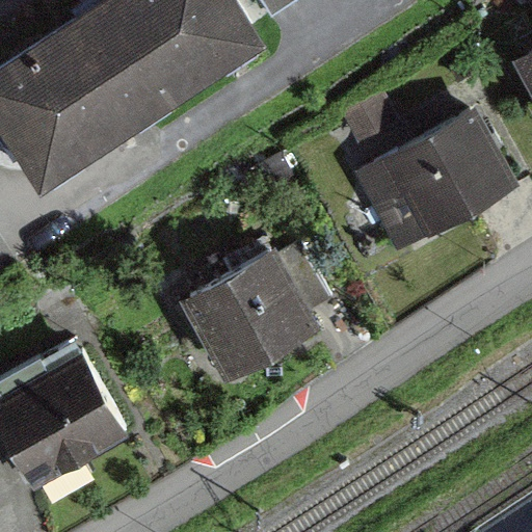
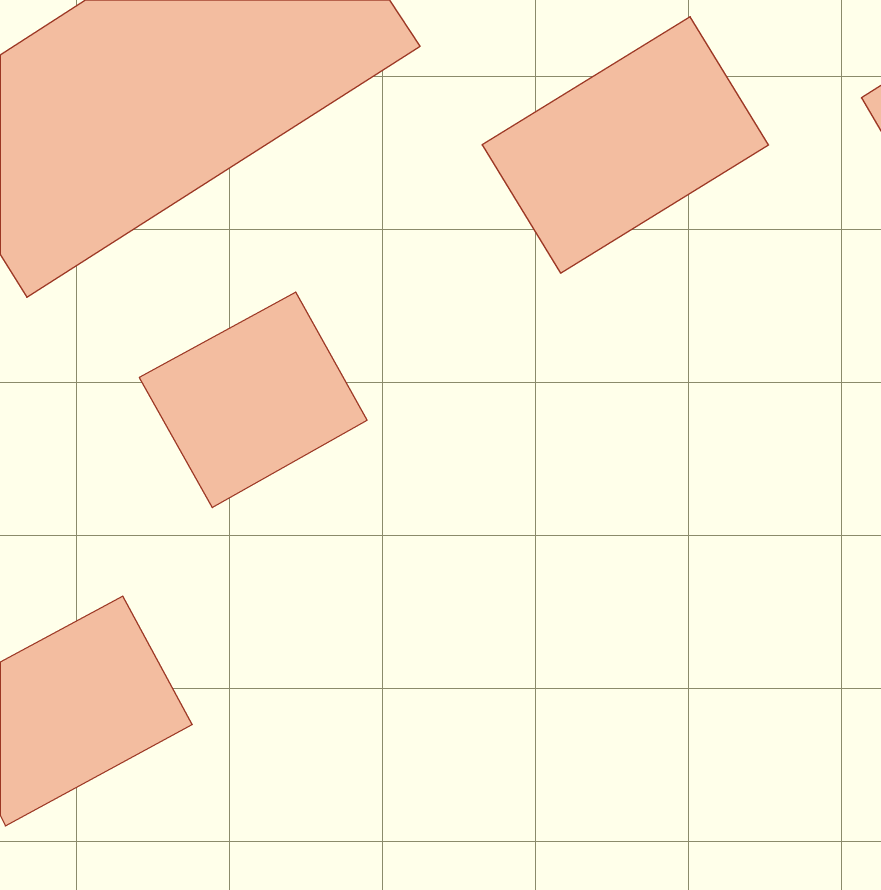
building: [351,110,518,260] -> [482,17,769,273]
building: [179,250,312,376] -> [139,292,367,508]

